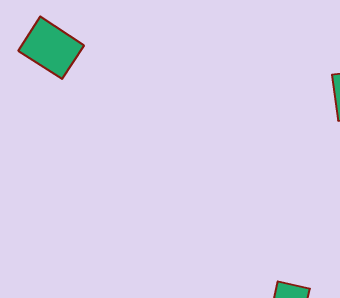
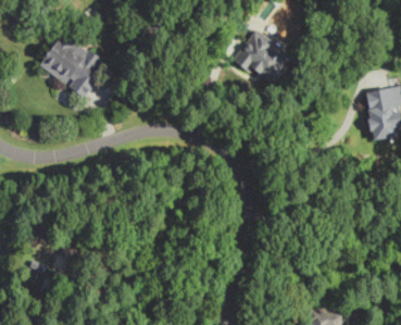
building: none -> [233,29,290,85]

